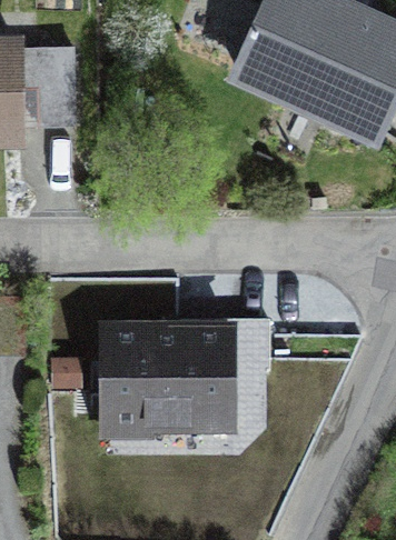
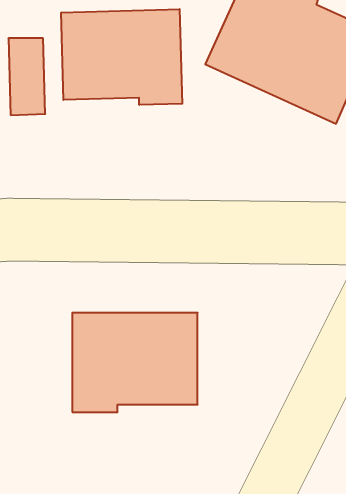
building: none -> [61,9,182,105]

